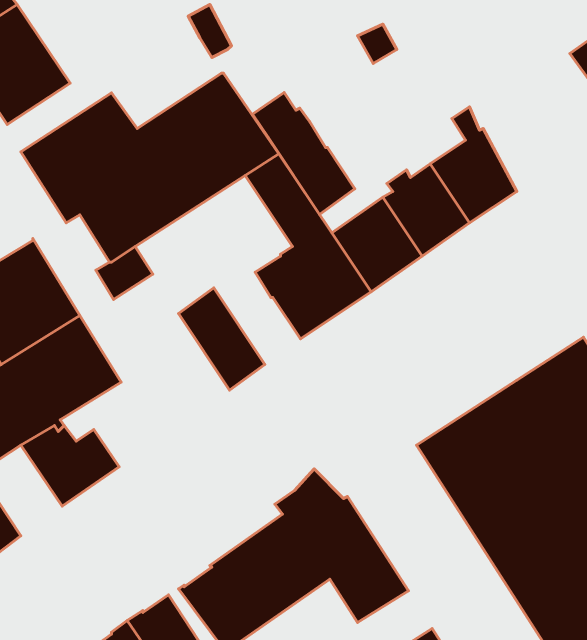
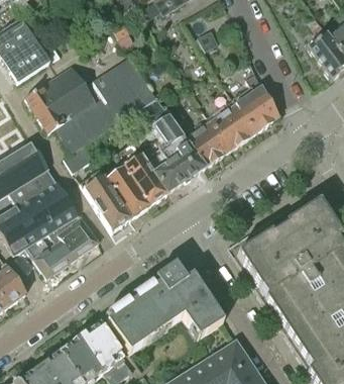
building: [253,92,355,214] -> [116,141,168,204]
building: none -> [80,168,132,231]
building: none -> [45,213,99,257]

